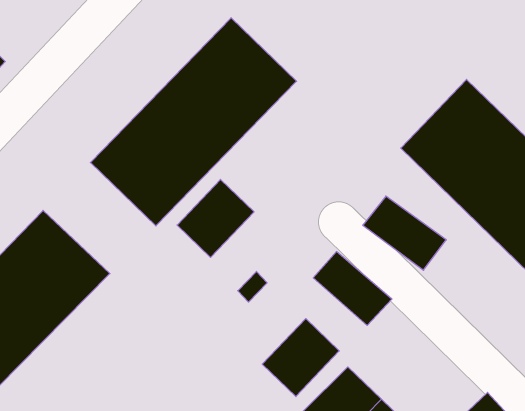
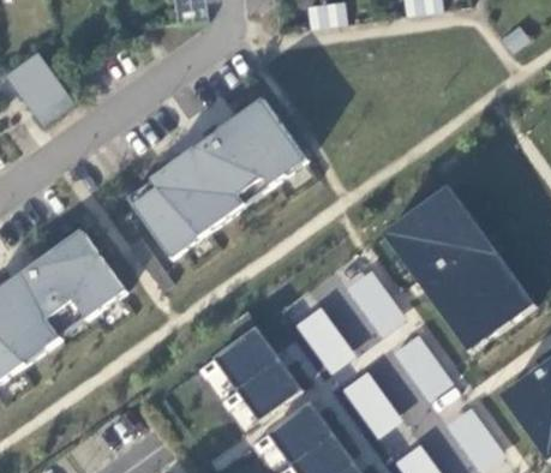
building: [177,179,254,257] -> [216,323,281,385]
building: none -> [391,330,451,396]
building: none -> [341,369,399,433]

